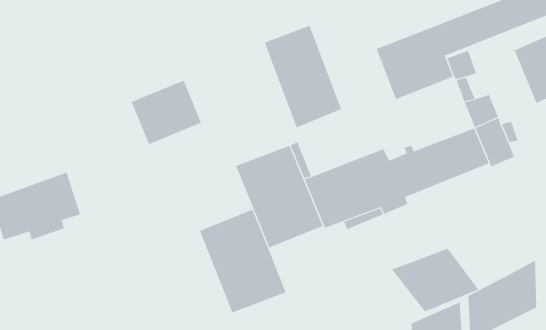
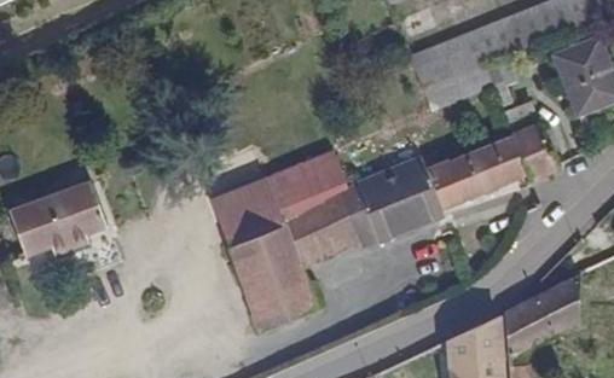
building: [264,25,342,128] -> none
building: [131,80,202,145] -> [209,176,283,244]
building: [391,248,479,312] -> none

